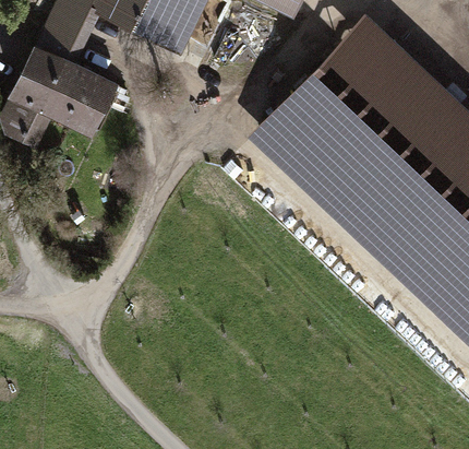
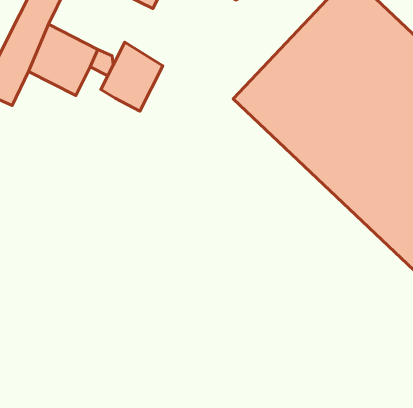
building: none -> [101,42,163,111]

